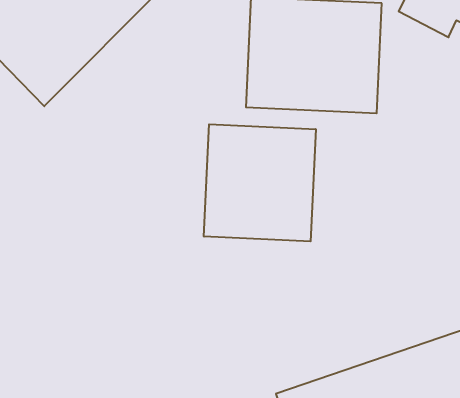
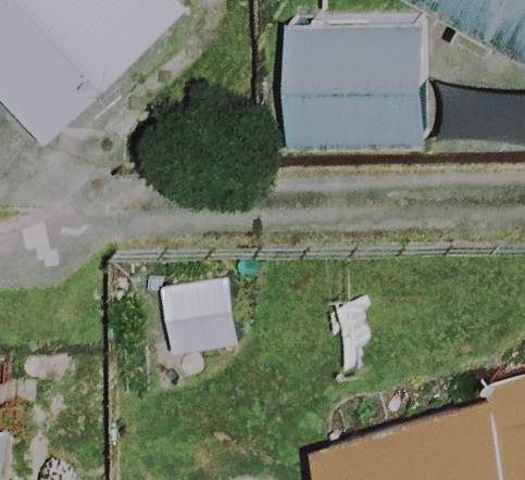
building: [204,124,316,241] -> none

